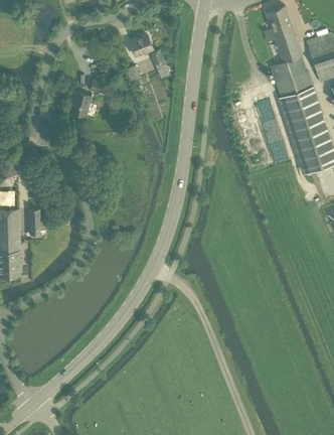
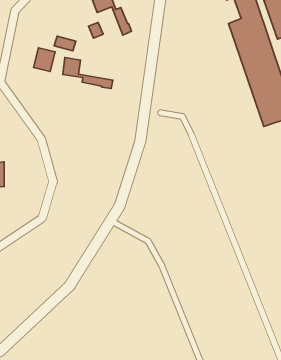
building: none -> [63,58,113,89]

